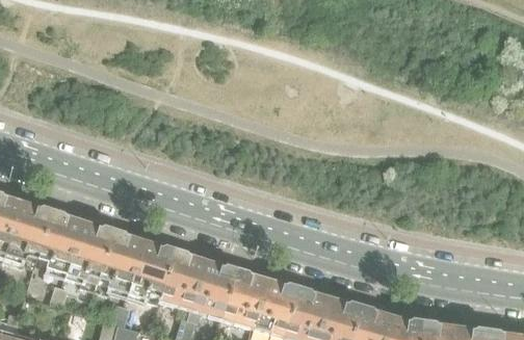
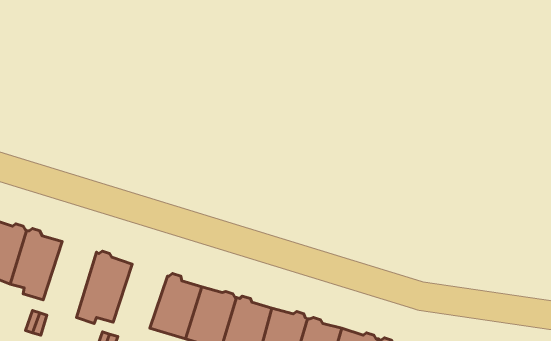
building: [66,224,112,290] -> none
building: [127,243,175,302] -> none

